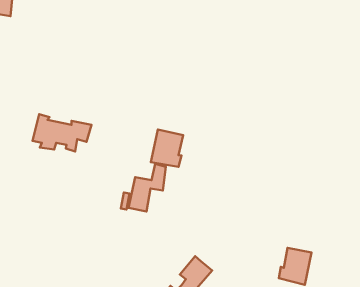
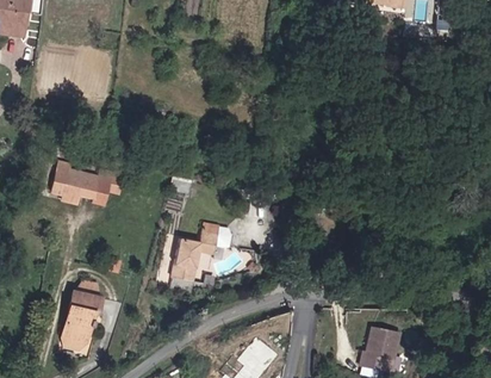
building: [151,129,183,167] -> none
building: none -> [58,279,100,357]

